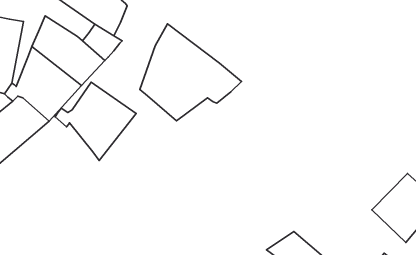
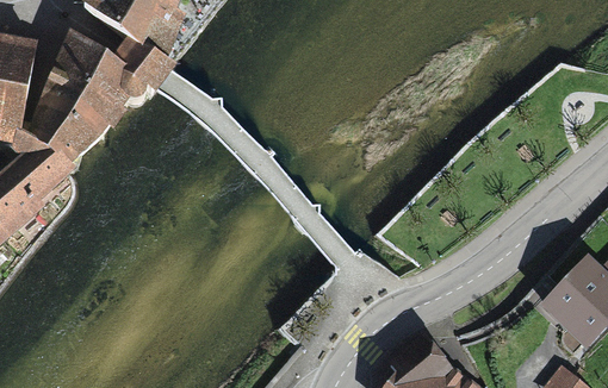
building: [140,24,242,121] -> none
building: [55,82,136,161] -> none

